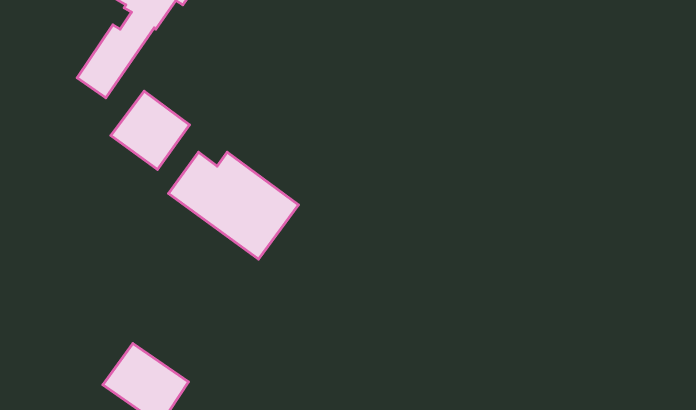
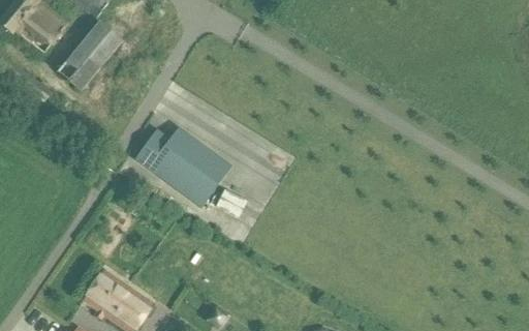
building: [111,91,189,170] -> none

